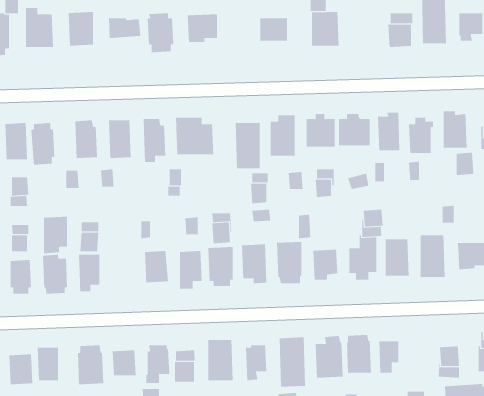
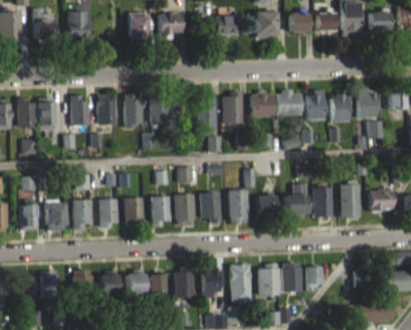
building: none -> [290,13,309,36]
building: [108,18,141,39] -> none
building: [43,216,68,254] -> [99,199,119,228]

